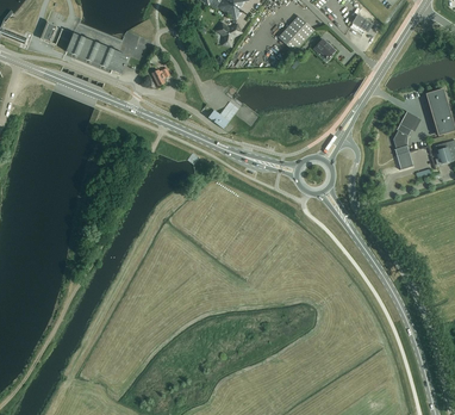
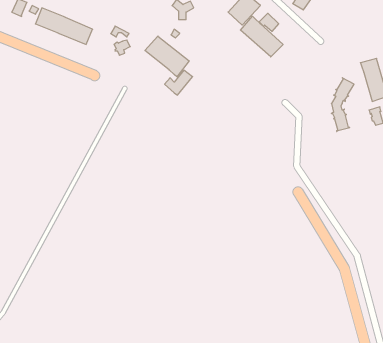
building: none -> [240,16,283,57]
building: none -> [145,36,189,77]

